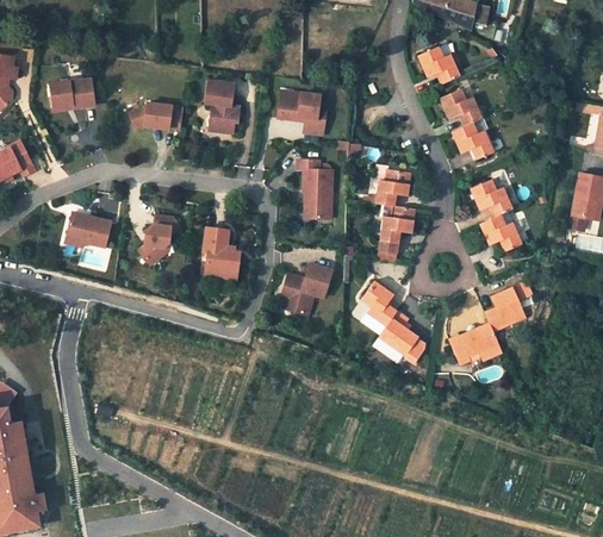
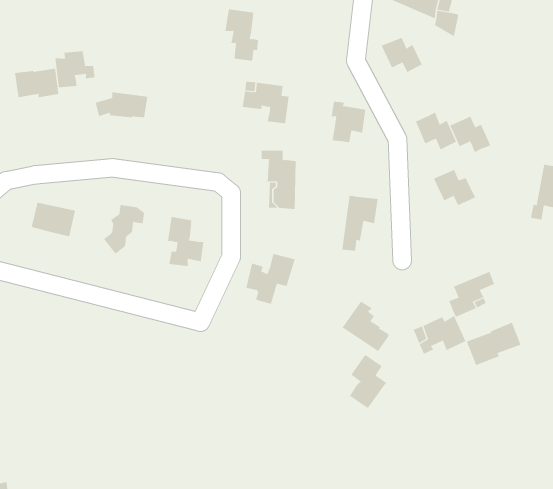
building: none -> [55,51,95,88]
building: [204,80,238,132] -> [224,9,259,61]
building: [440,88,481,125] -> [450,116,491,153]
building: [374,164,410,206] -> [331,101,366,143]
building: [478,213,521,251] -> none
building: [360,281,398,336] -> [349,354,387,409]
building: none -> [466,322,521,366]

